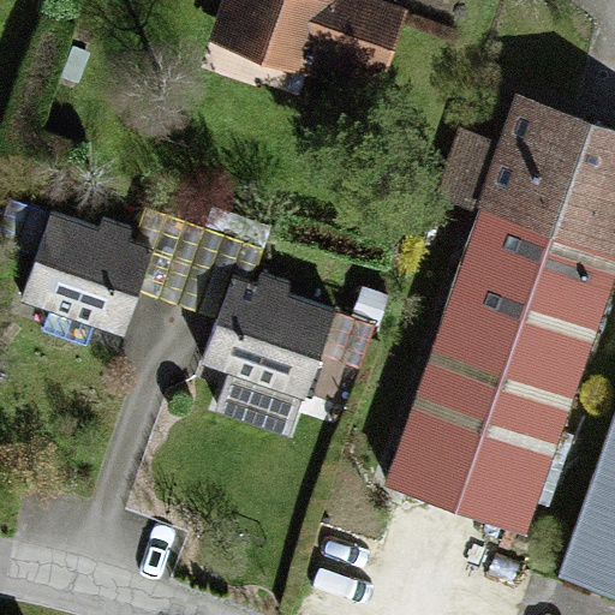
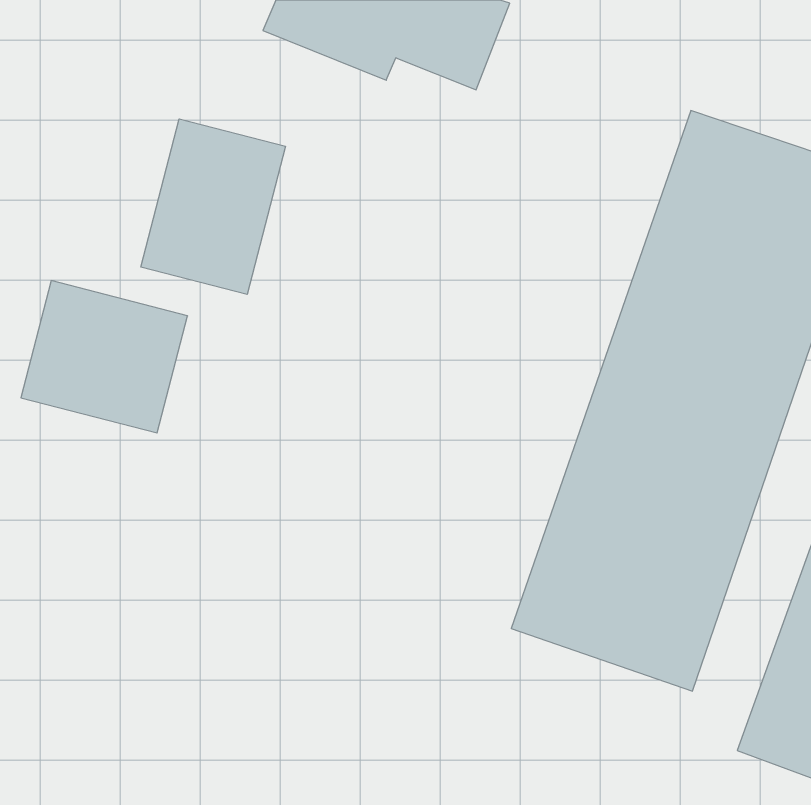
building: none -> [141,119,285,294]
building: [202,282,330,407] -> none

